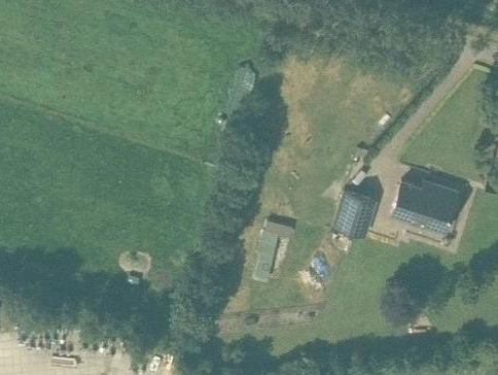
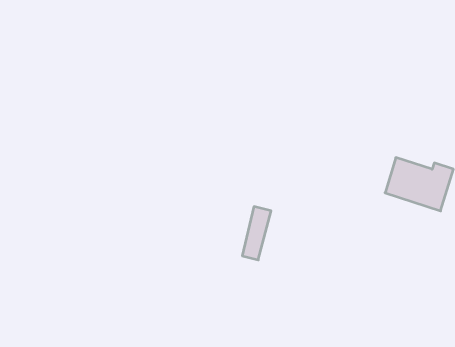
building: [330,189,378,237] -> none

